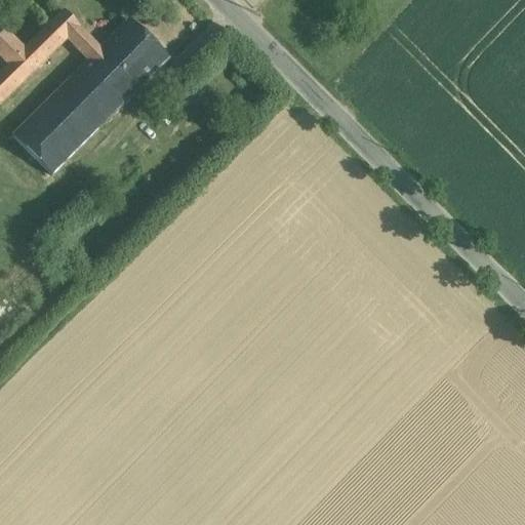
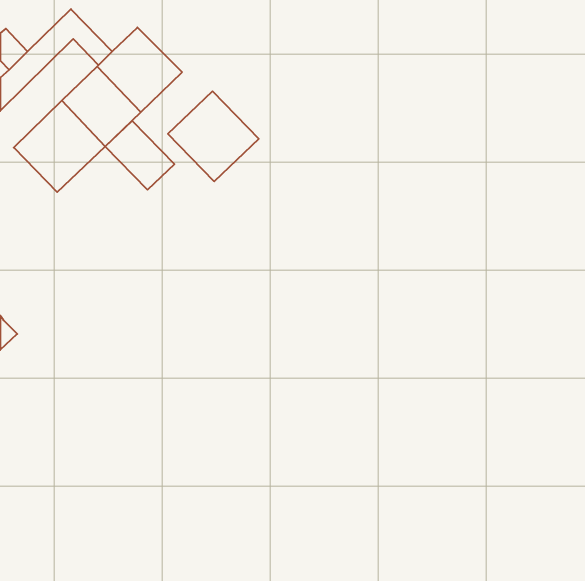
building: none -> [168,91,259,181]
building: none -> [105,121,174,190]

